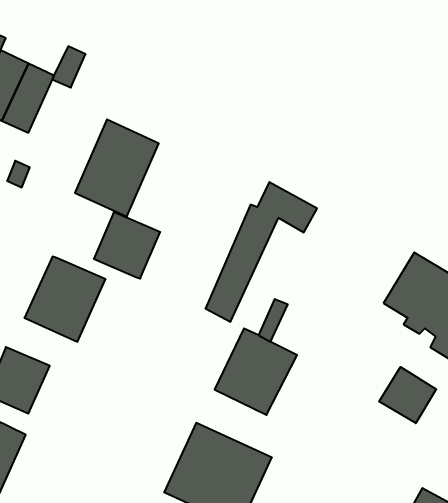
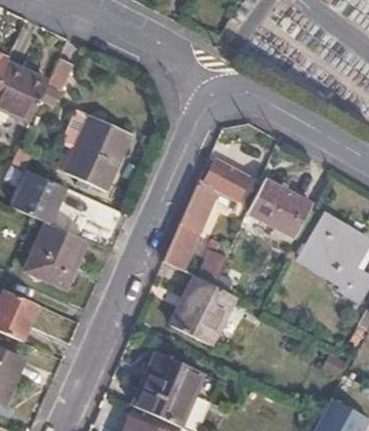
building: none -> [250,182,312,236]
building: [94,212,160,279] -> [12,170,64,222]
building: [379,367,436,423] -> none

